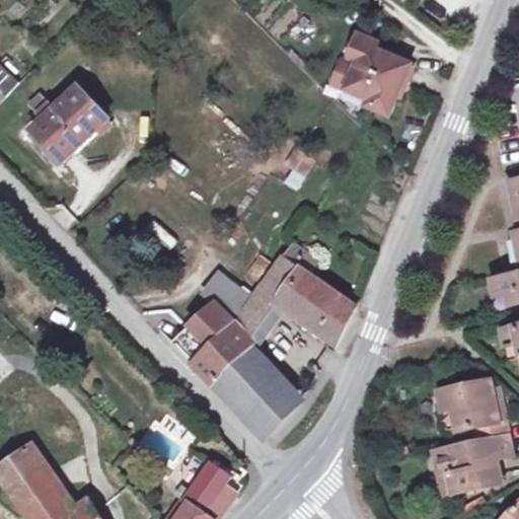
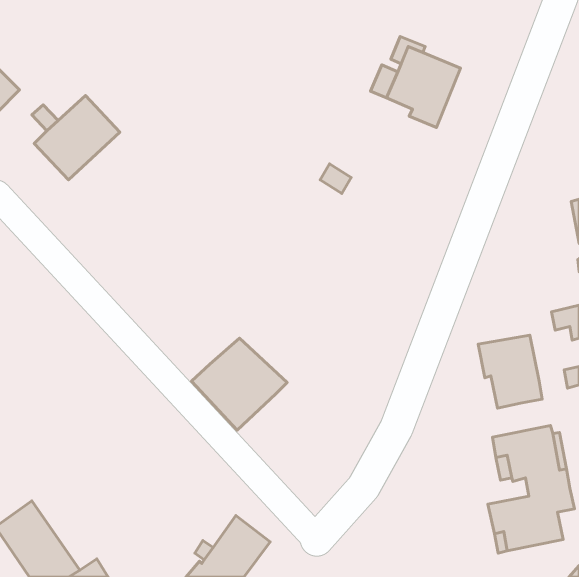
building: [203,241,356,344] -> none
building: none -> [478,335,542,408]
building: [211,351,296,438] -> none

